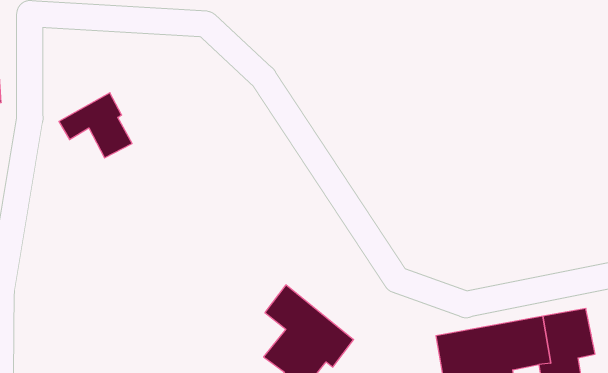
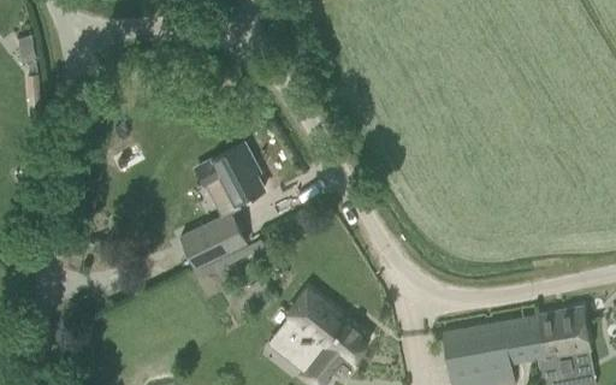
building: [59,93,132,158] -> [196,143,263,203]
building: none -> [179,212,247,268]

